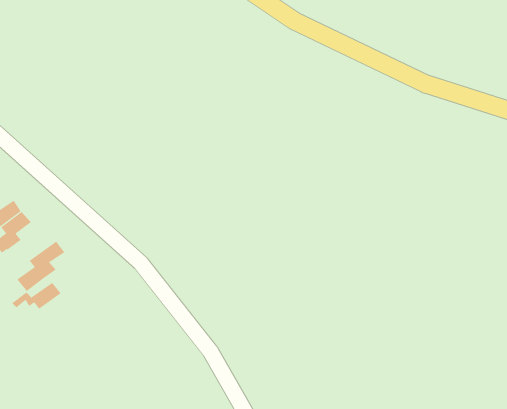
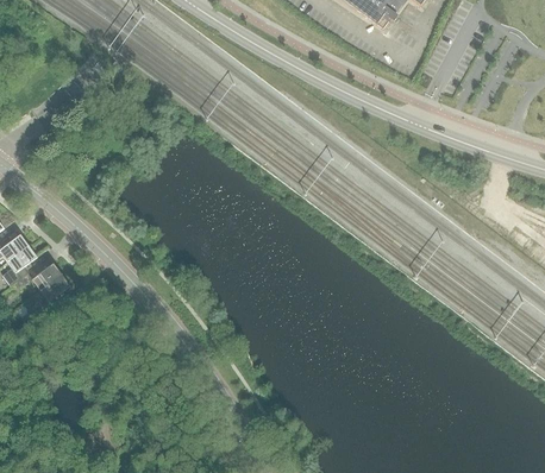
building: [12,282,61,309] -> [15,260,63,286]

